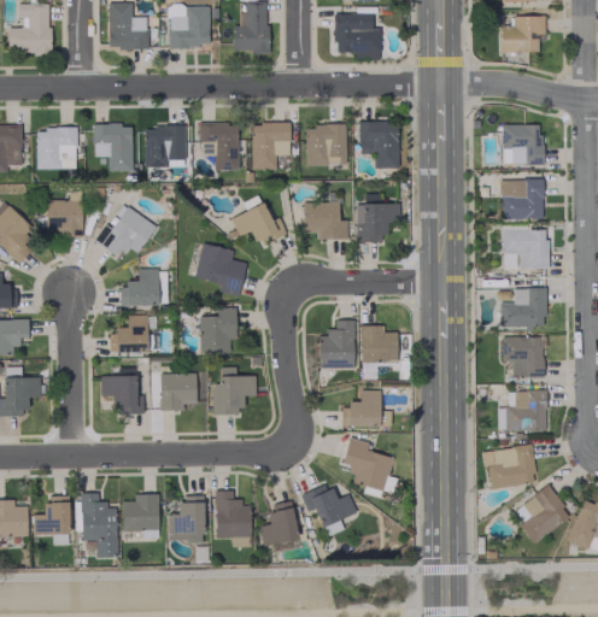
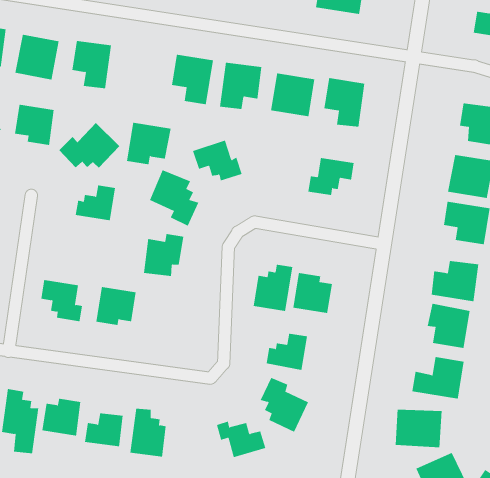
building: [145,127,186,168] -> [126,122,171,165]
building: [303,202,348,240] -> none
building: [110,317,148,352] -> none
building: [212,366,257,415] -> none
building: [260,509,299,546] -> none

